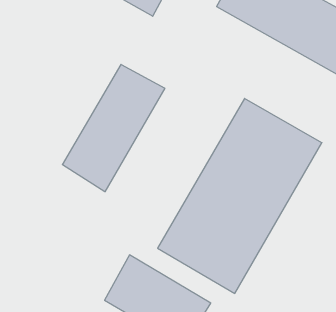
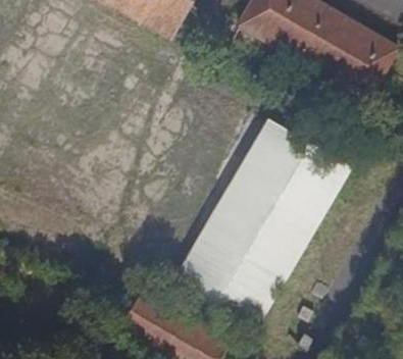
building: [62,64,165,192] -> none

